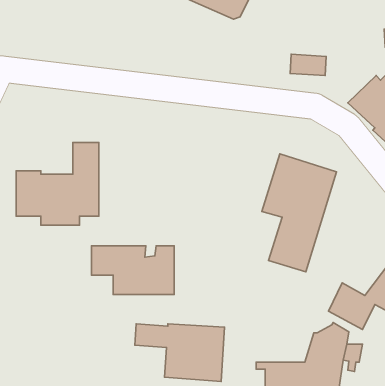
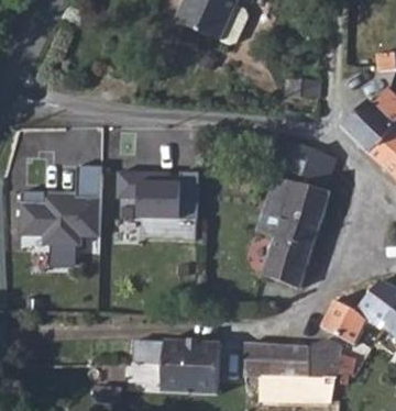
building: none -> [275,138,336,185]
building: [91,246,174,295] -> [114,170,195,218]
building: none -> [244,343,307,376]

